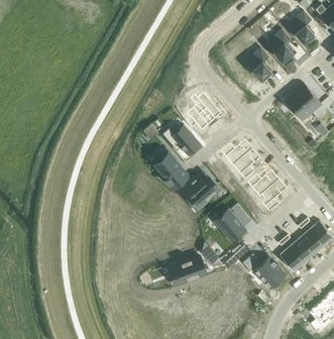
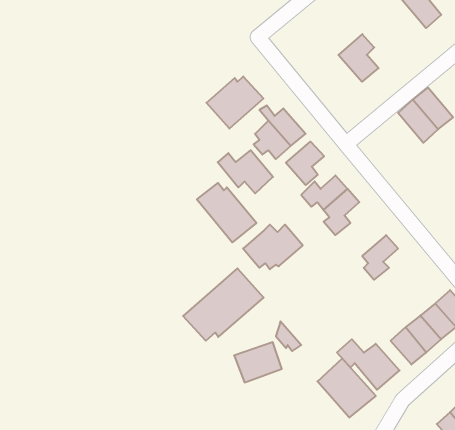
building: [266,28,293,61] -> none
building: none -> [206,76,263,129]
building: none -> [286,142,324,185]
building: [245,174,276,197] -> none
building: [215,205,245,240] -> none
building: none -> [183,268,264,341]
building: none -> [317,358,376,418]

